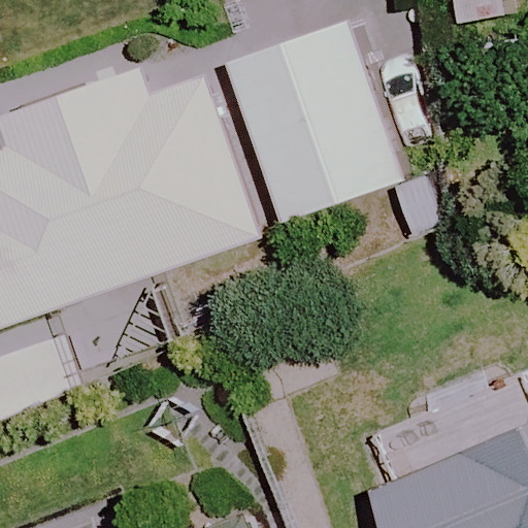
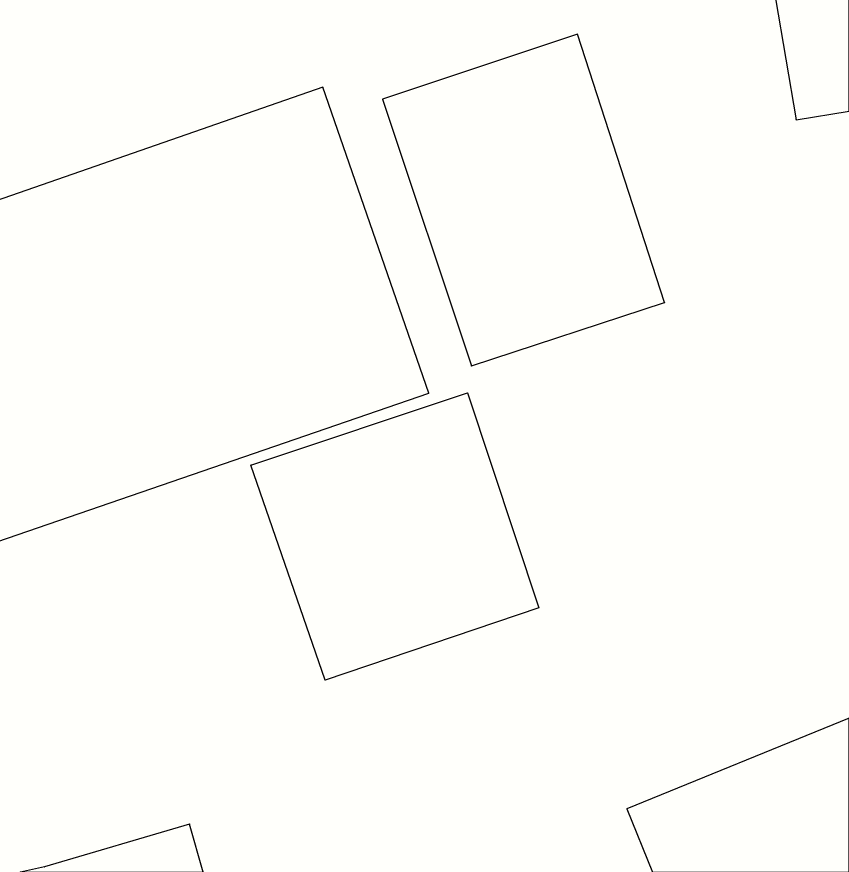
building: none -> [251,393,539,680]

